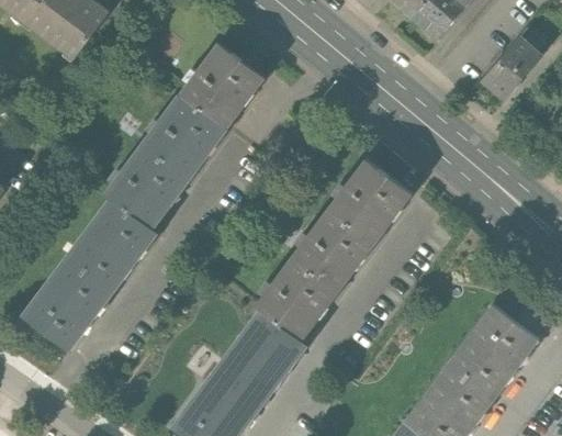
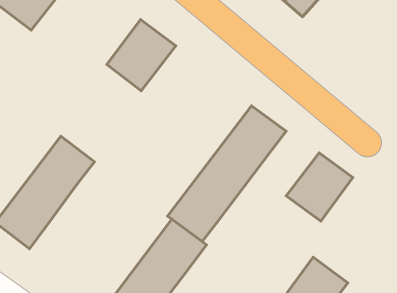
building: [479,36,541,101] -> none
building: [104,104,218,230] -> none
building: [448,304,537,395] -> [286,153,353,221]

